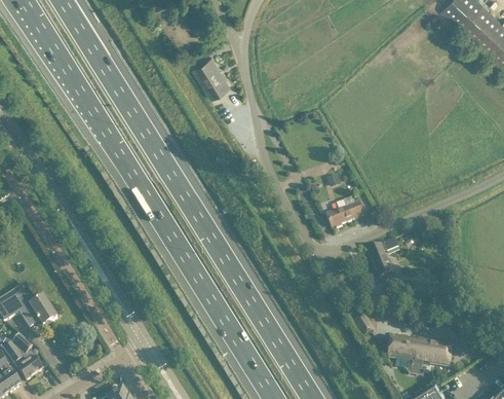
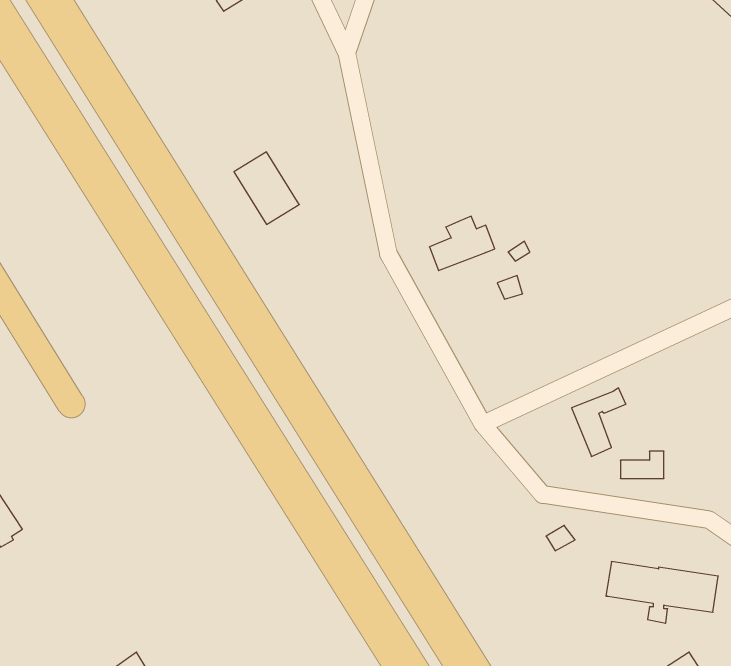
building: [192,58,229,99] -> [234,152,299,224]
building: [325,197,362,228] -> [429,216,495,271]

